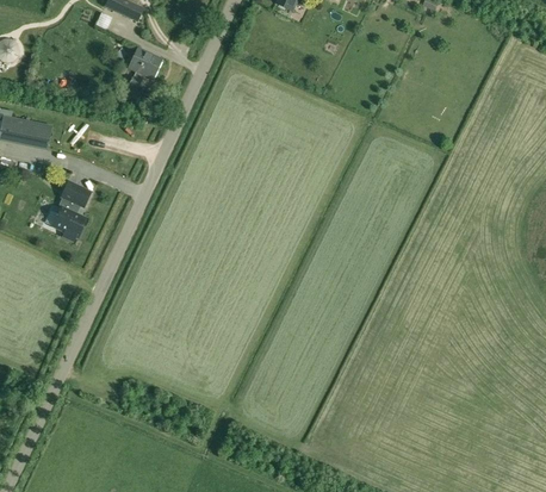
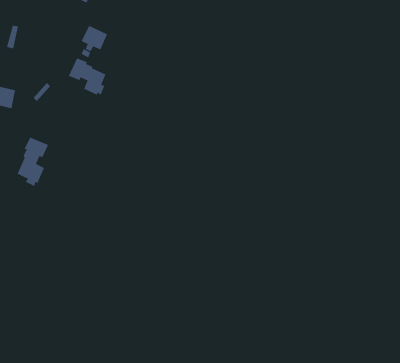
building: none -> [68,58,106,95]

